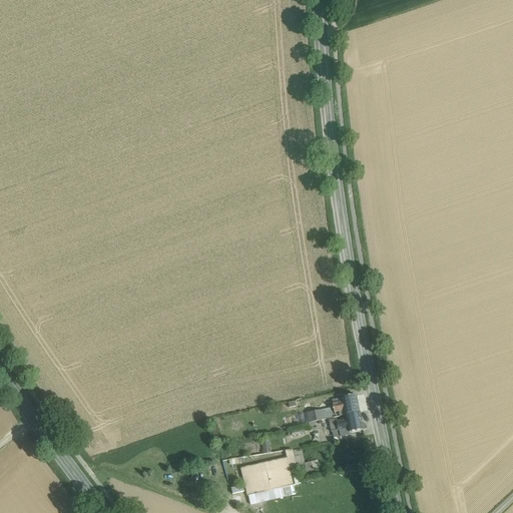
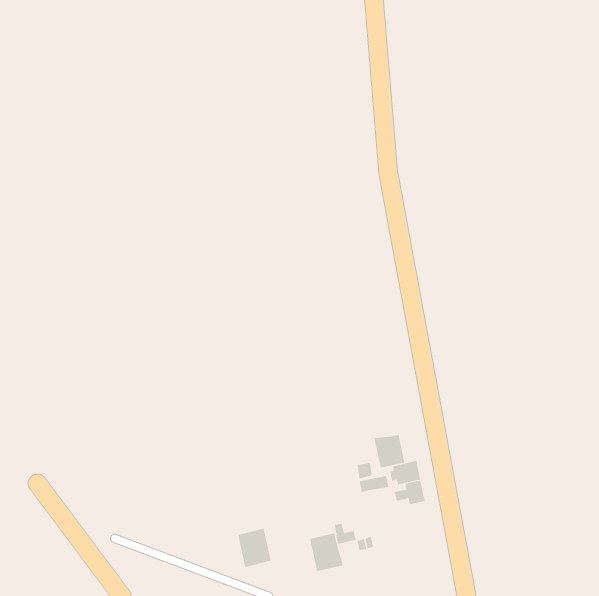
building: none -> [374,433,405,468]
building: [241,461,271,495] -> [237,528,271,568]

